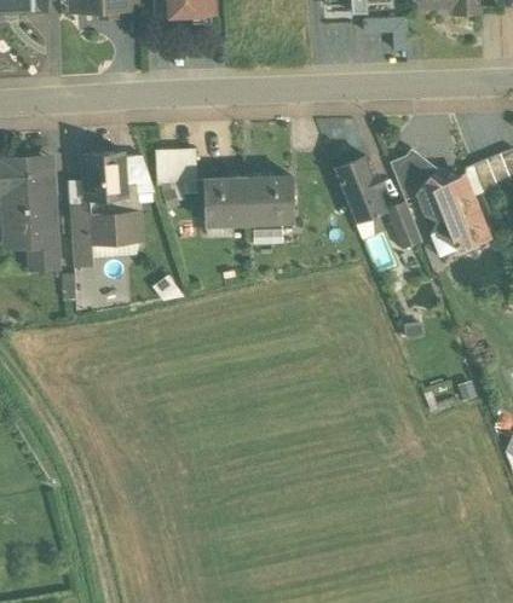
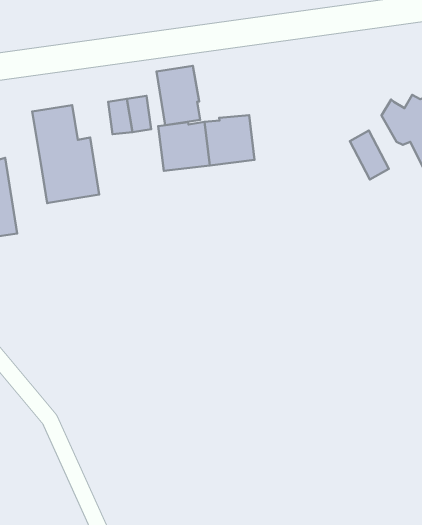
building: none -> [157,66,200,125]
building: [392,149,438,199] -> none
building: [335,156,387,220] -> none
building: [71,204,93,254] -> none

